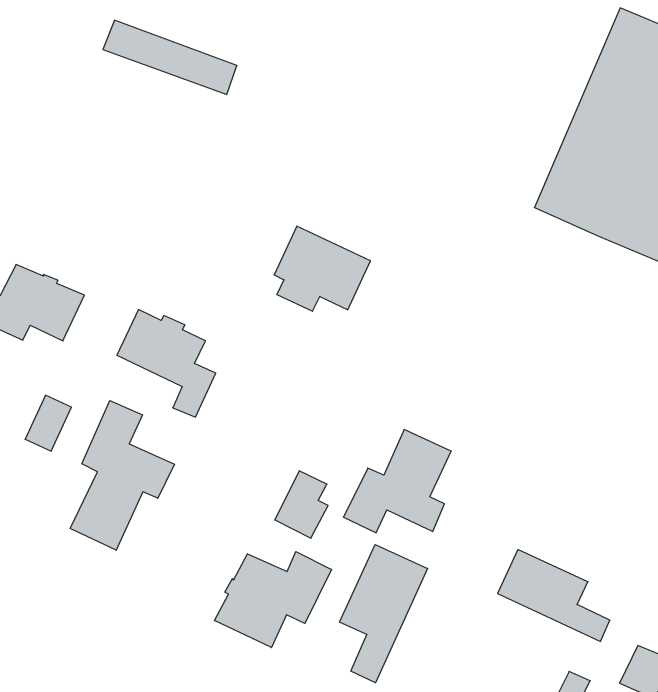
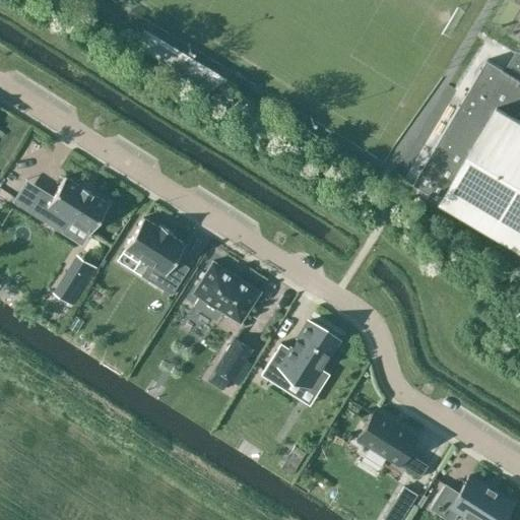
building: [274,226,370,311] -> [194,264,259,324]
building: [70,401,175,550] -> none
building: [340,545,428,683] -> none
building: [214,552,332,648] -> none

